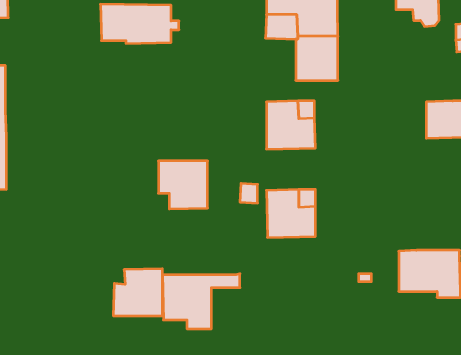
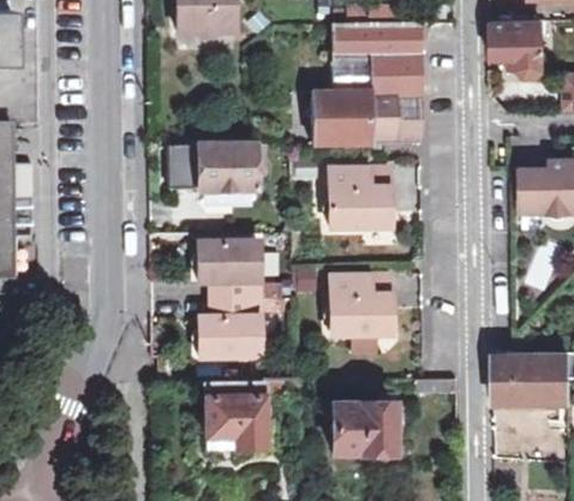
building: [100,4,179,43] -> [169,143,265,191]
building: none -> [312,91,366,144]
building: [113,269,162,316] -> [198,299,258,357]
building: none -> [329,404,393,463]

